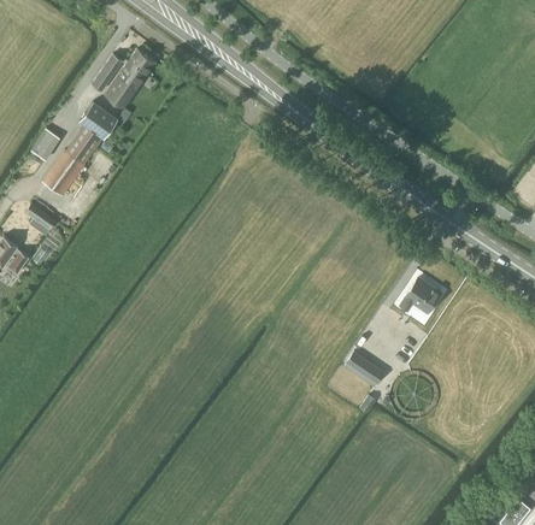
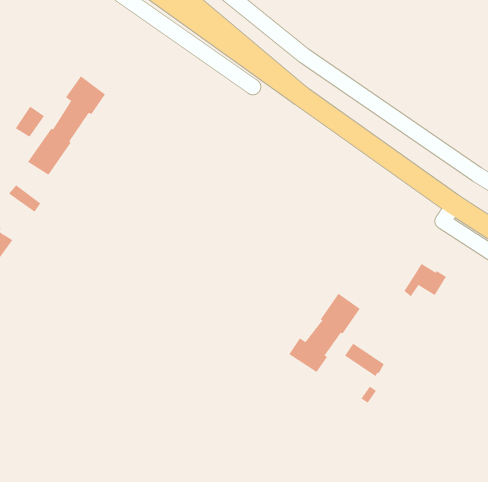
building: [93,49,157,106] -> none
building: none -> [288,293,360,373]

